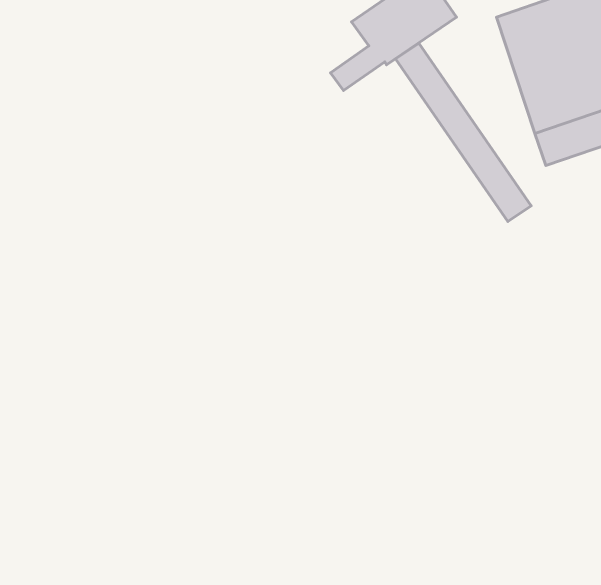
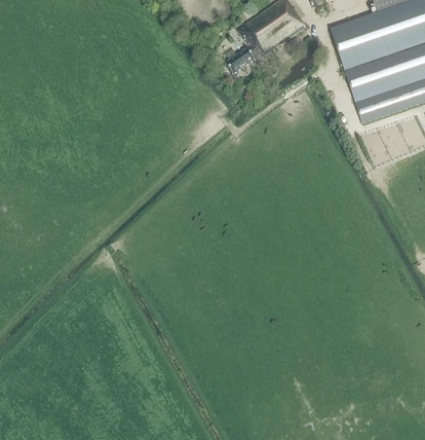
building: [395,43,531,222] -> none

